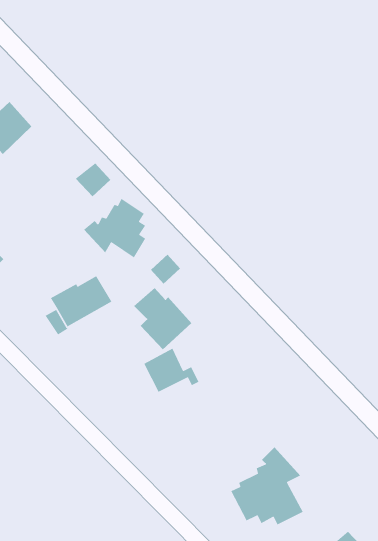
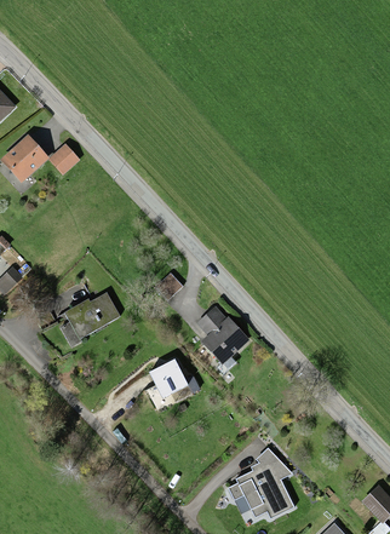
building: [75,162,111,197] -> [47,144,80,176]
building: [83,198,146,259] -> none
building: [133,287,192,350] -> [196,306,250,363]

